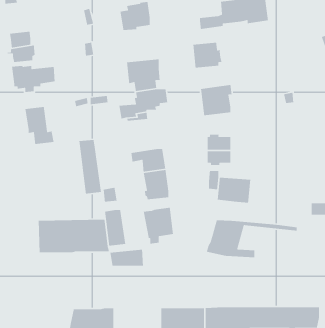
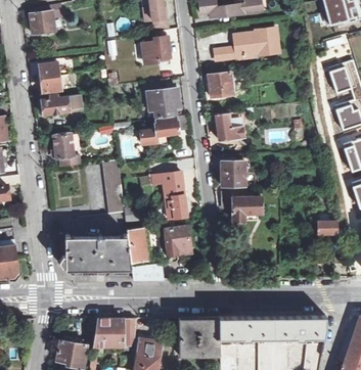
building: [206,220,297,258] -> none

